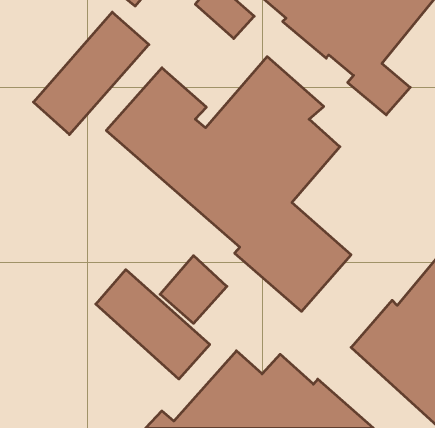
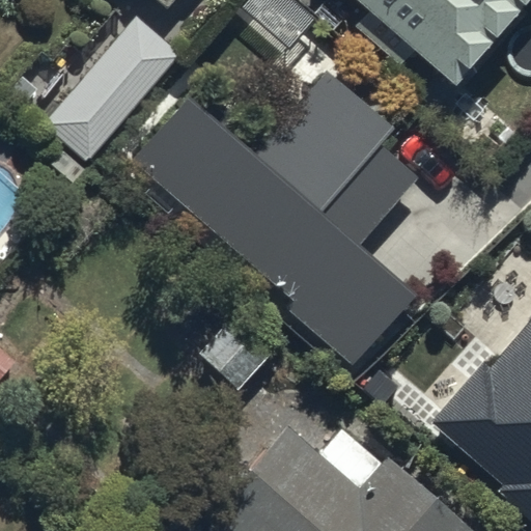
building: [96,270,210,379] -> none

